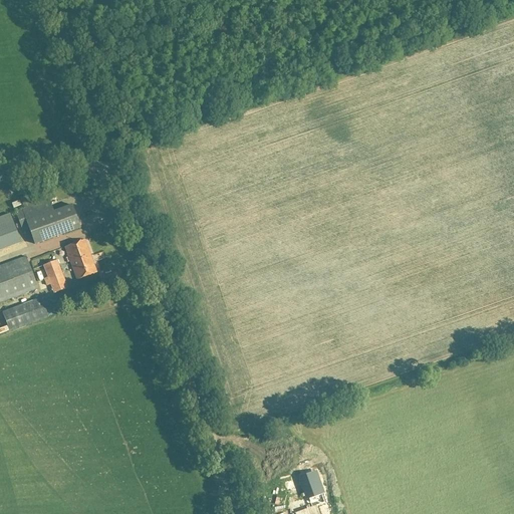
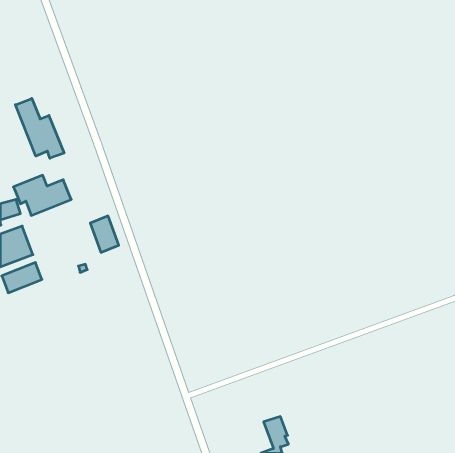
building: none -> [15,98,64,158]
building: [64,238,96,279] -> [90,216,119,252]
building: [42,259,67,292] -> none

